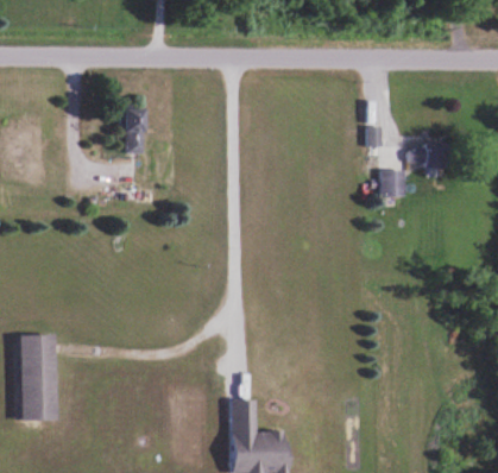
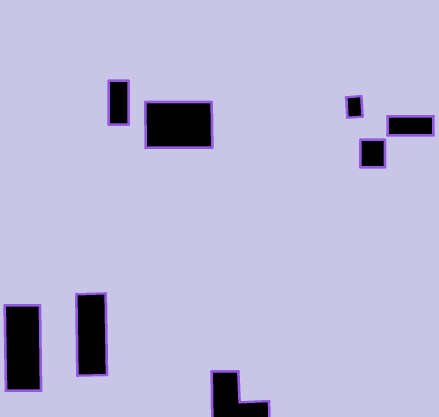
building: none -> [145,102,212,148]
building: none -> [77,293,107,376]

